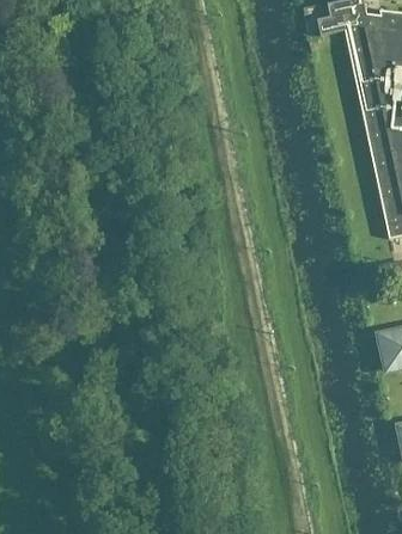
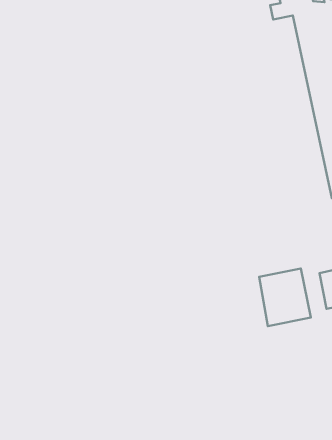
building: none -> [259,269,311,326]

